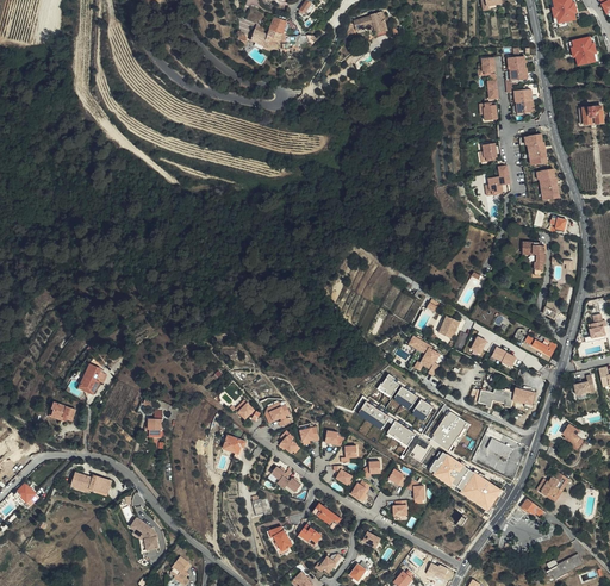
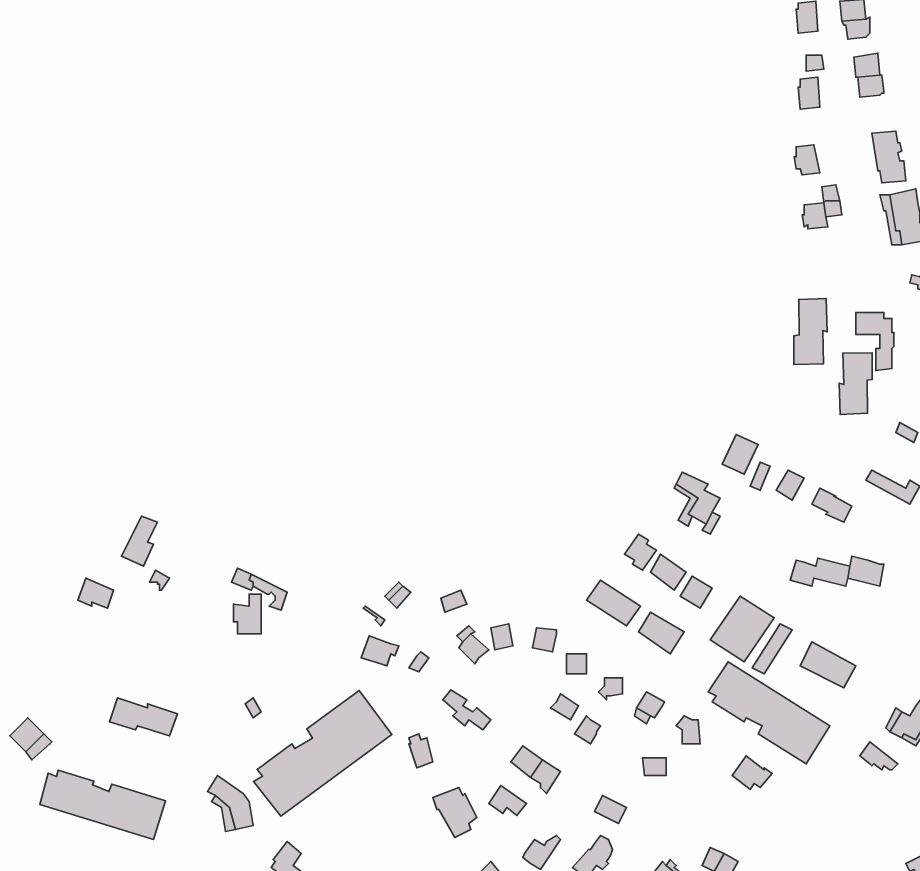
building: none -> [794,298,827,364]
building: none -> [839,353,872,414]
building: none -> [254,690,392,816]
building: none -> [40,770,165,839]

